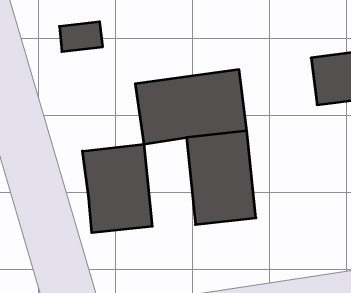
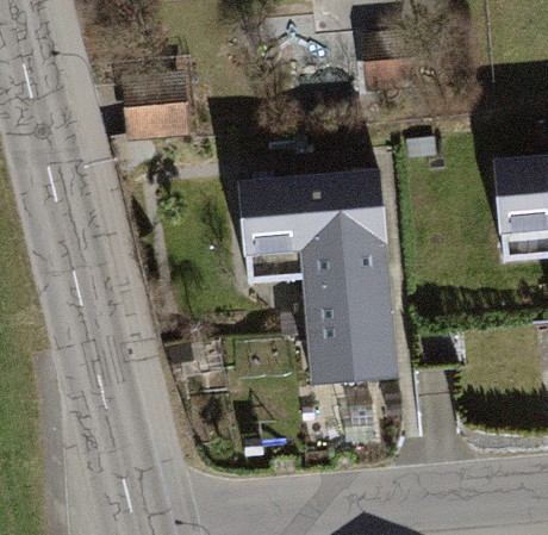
building: [82,144,152,233] -> none

